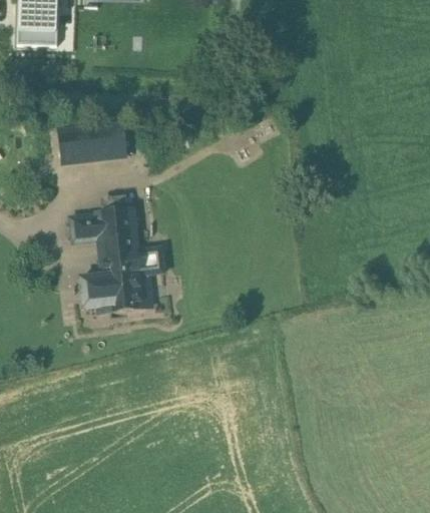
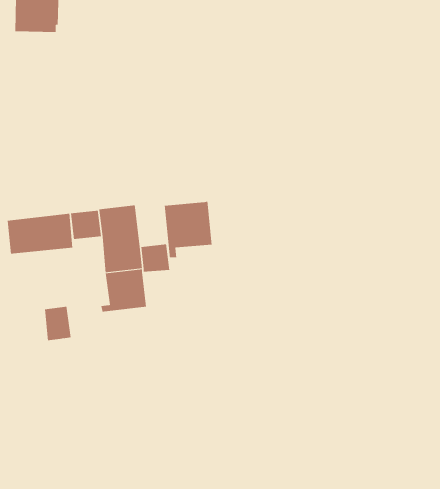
building: [61,123,124,162] -> [7,213,73,254]
building: none -> [164,201,212,258]
building: [81,276,107,309] -> [44,306,71,341]

